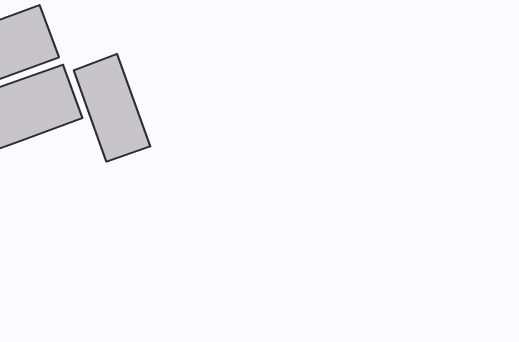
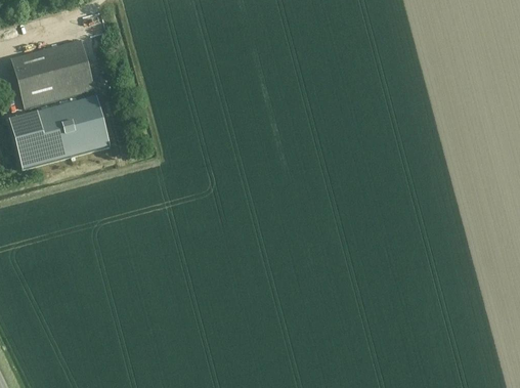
building: [74,54,150,162] -> none

